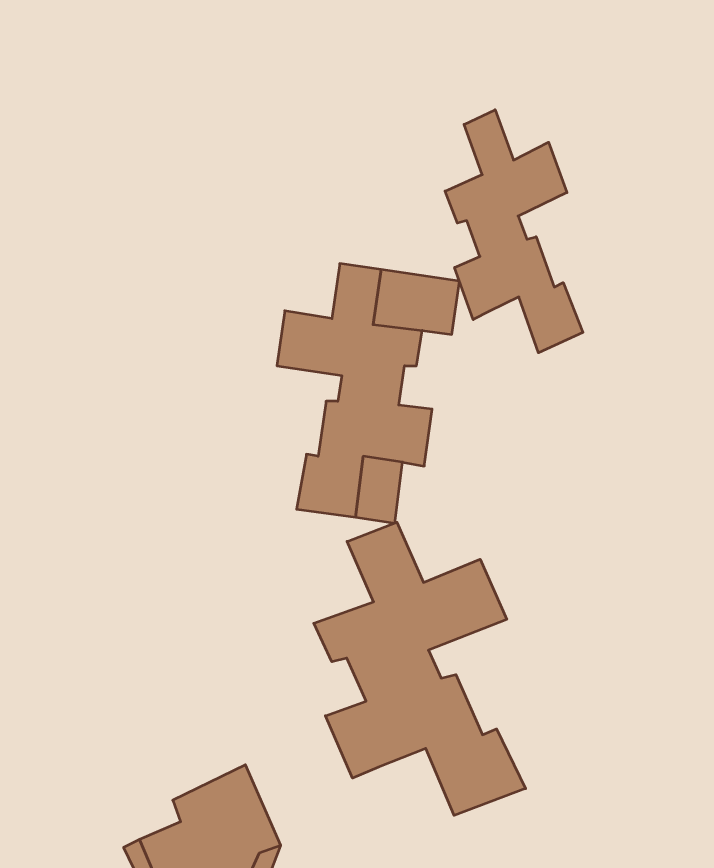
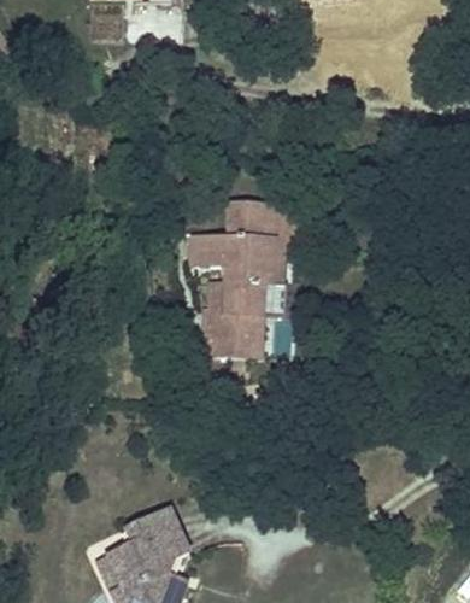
building: [445,110,583,353] -> none
building: [314,522,526,815] -> none

